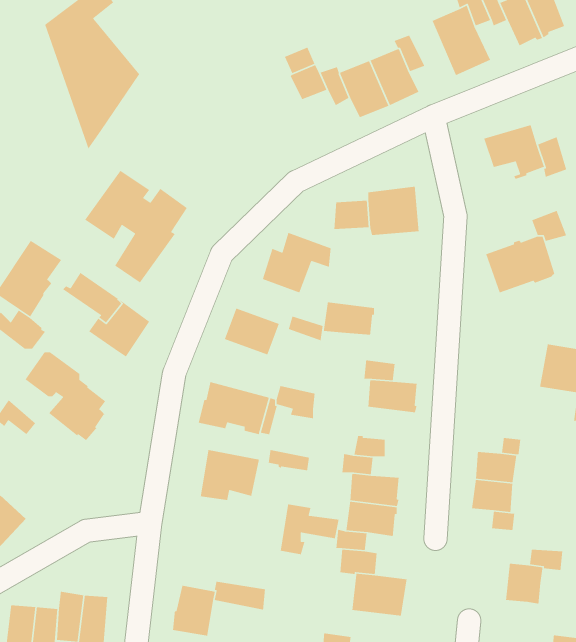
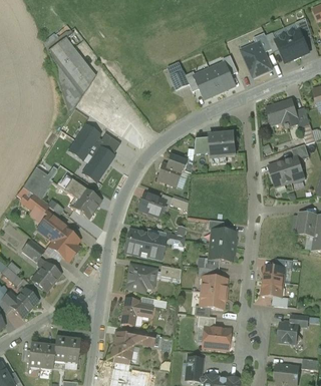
building: [323,301,375,335] -> [208,244,234,261]
building: none -> [31,262,60,292]
building: [280,503,340,555] -> [121,299,151,325]

